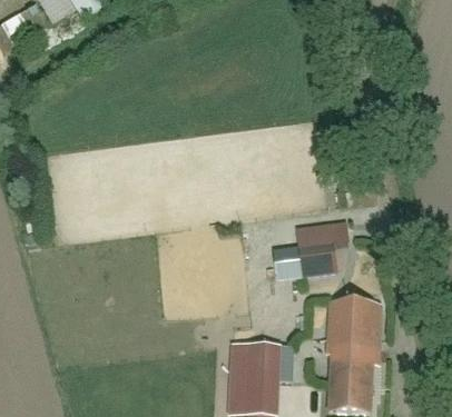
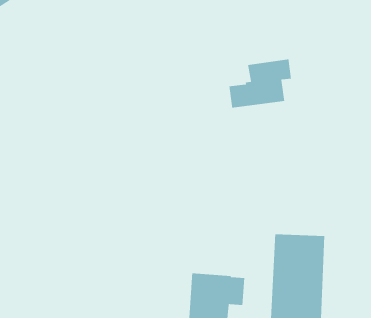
building: [275,219,347,276] -> [229,59,292,108]

